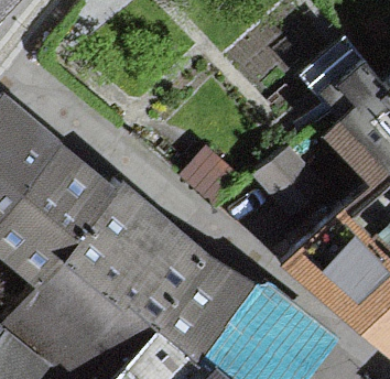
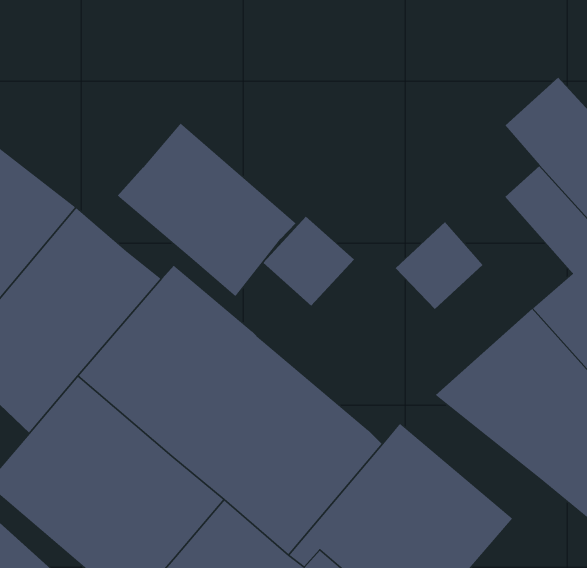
building: none -> [117,122,296,297]

